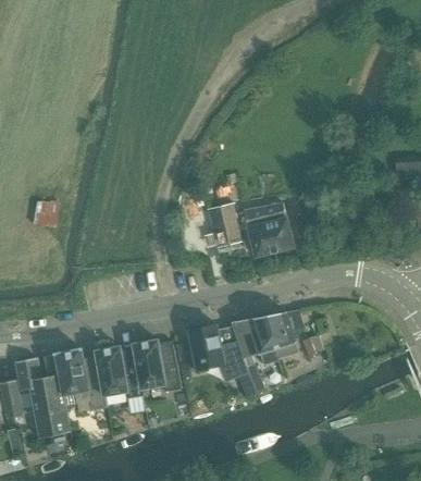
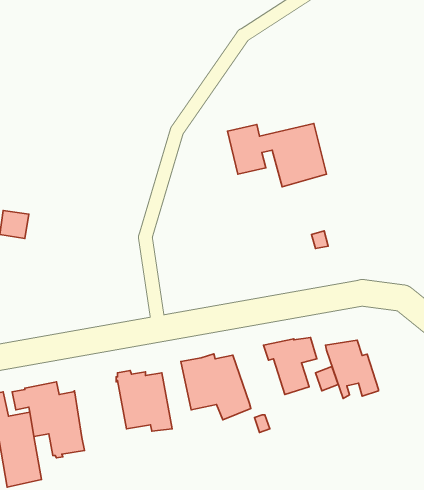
building: [209,202,294,257] -> [228,123,327,187]
building: [232,317,277,367] -> [325,340,379,399]
building: [95,345,143,397] -> none

